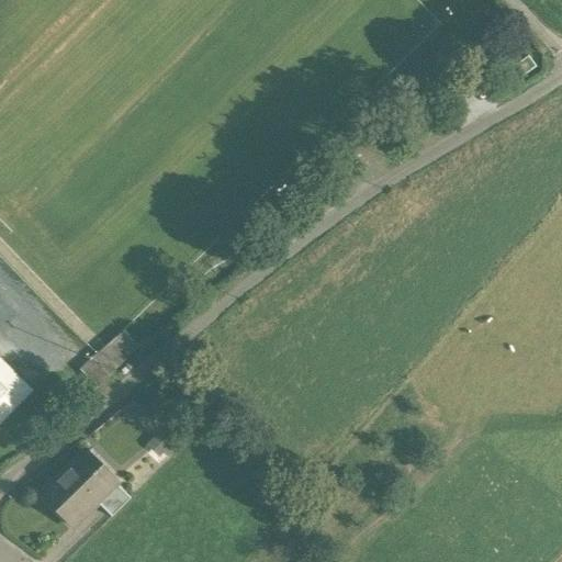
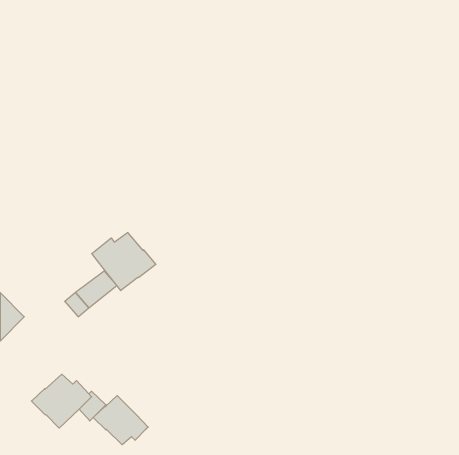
building: none -> [92,233,156,291]
building: none -> [93,396,148,445]

